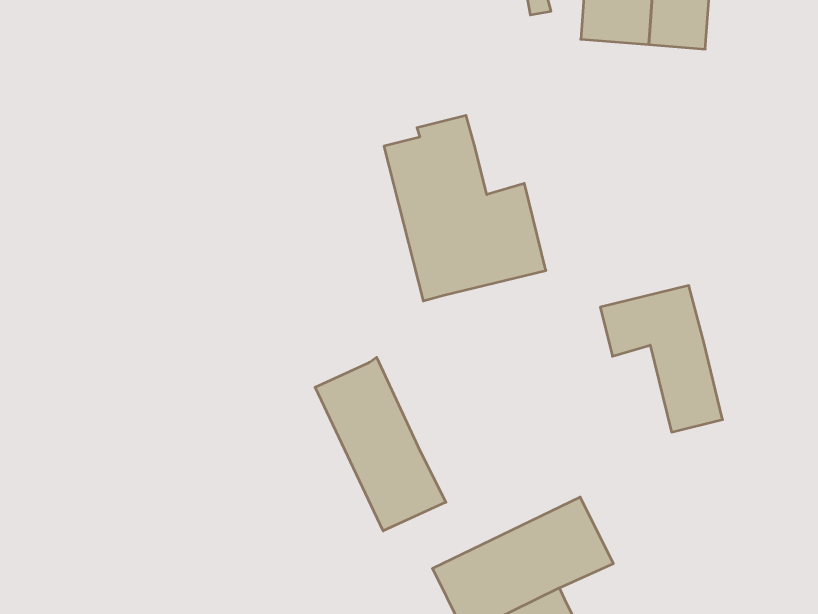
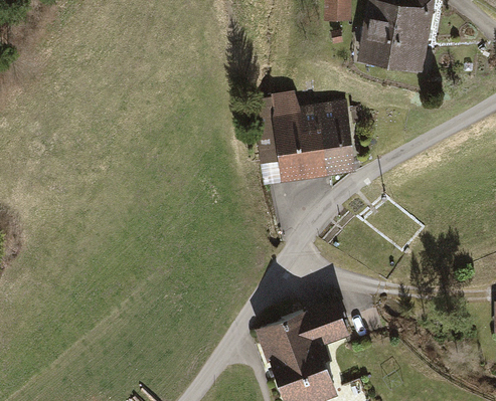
building: [600,286,723,432] -> [298,102,356,177]
building: [315,357,446,531] -> none

